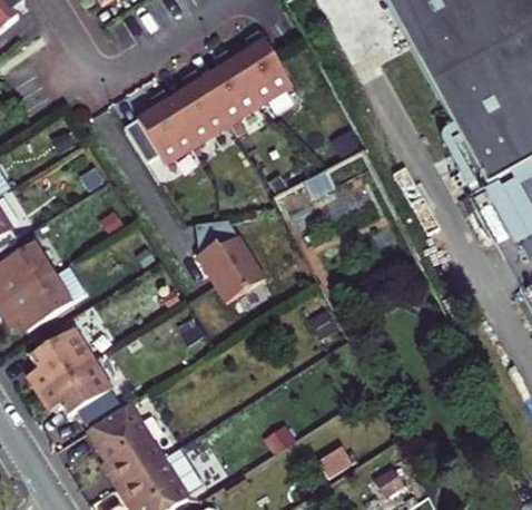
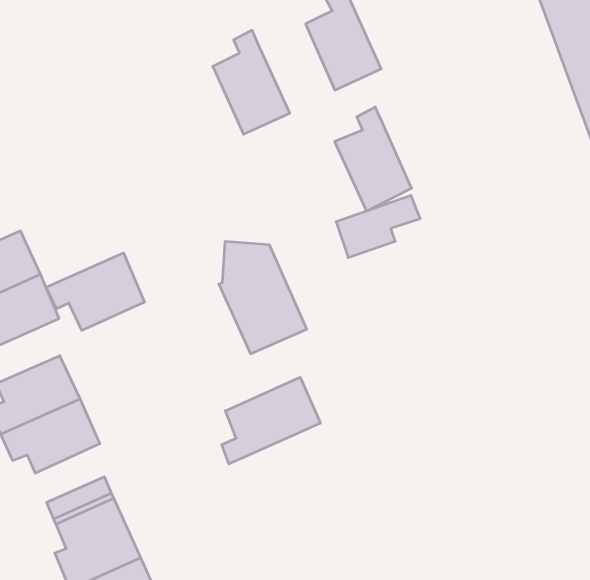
building: [198,49,258,125] -> [335,107,412,211]
building: [125,90,197,165] -> none
building: none -> [46,253,145,330]
building: none -> [222,377,320,464]

